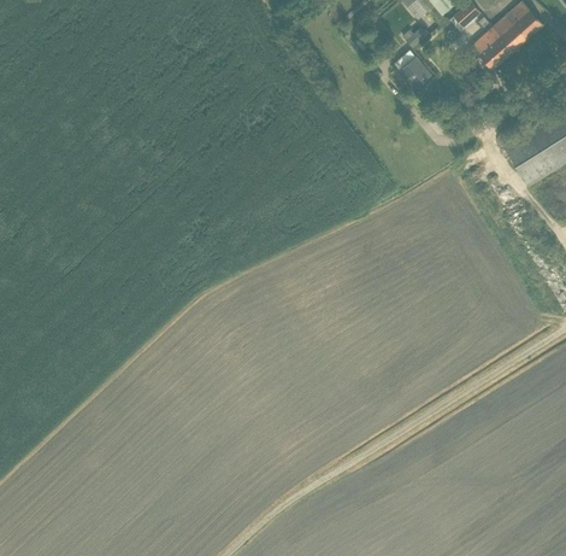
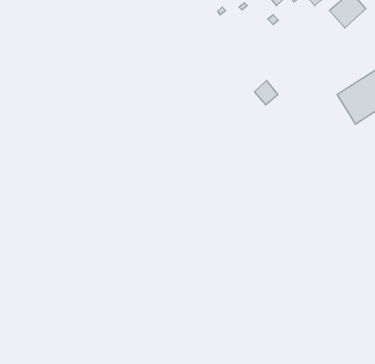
building: [473,24,515,66] -> none
building: [401,53,434,87] -> [255,81,278,105]

